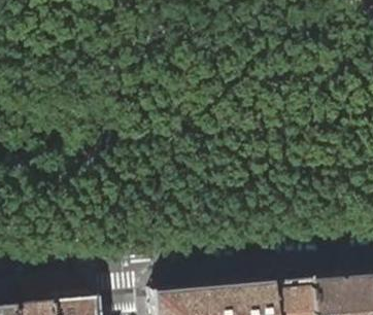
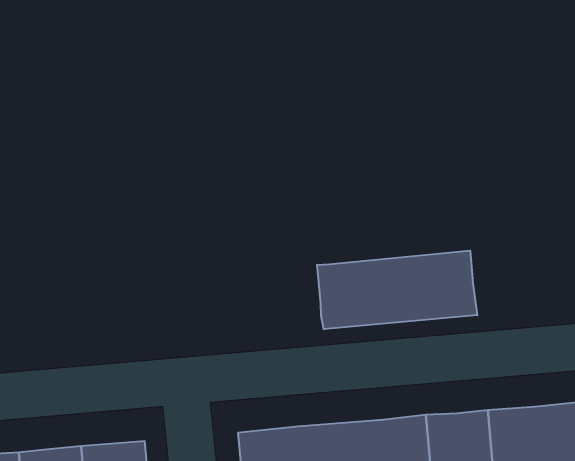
building: none -> [317,251,477,329]

